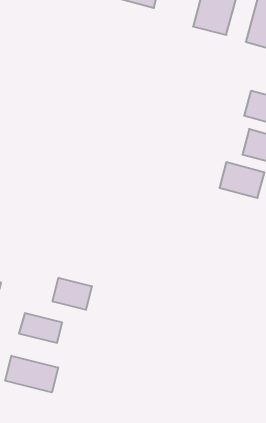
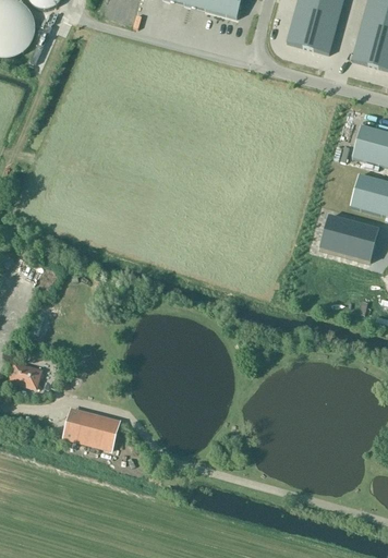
building: [53,278,92,310] -> none
building: [5,356,58,392] -> none

